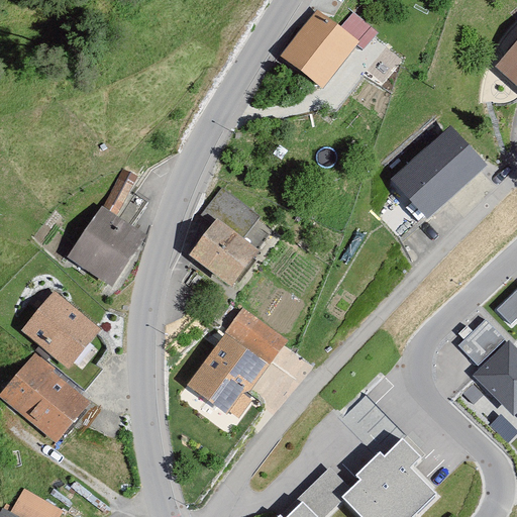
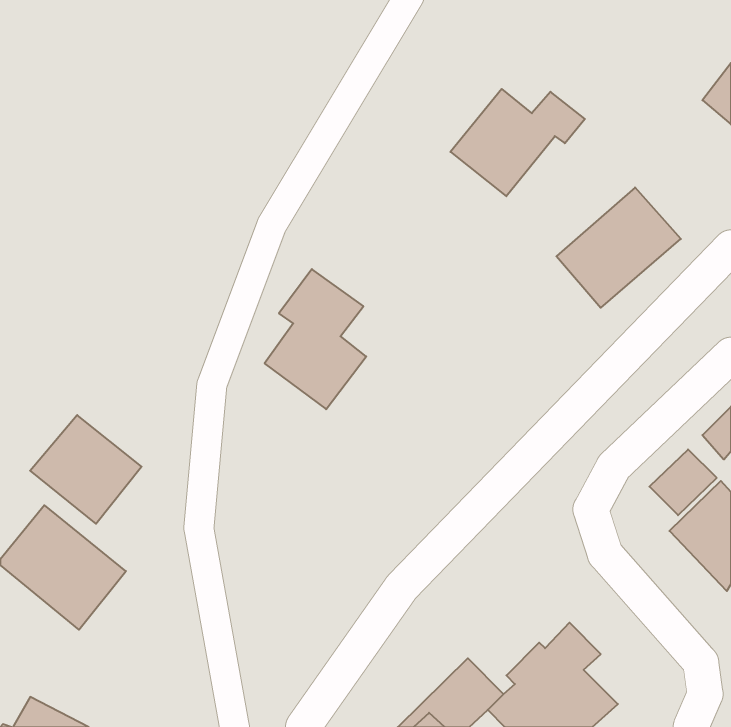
building: [283,9,378,85] -> [450,89,585,196]
building: [69,167,145,283] -> none
building: [186,307,286,417] -> none

